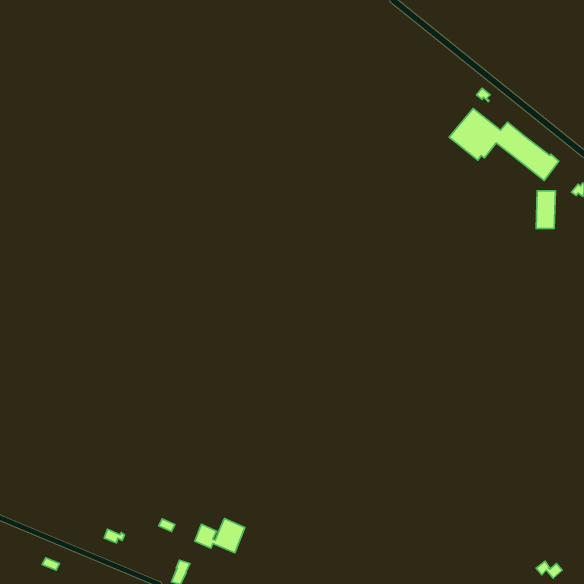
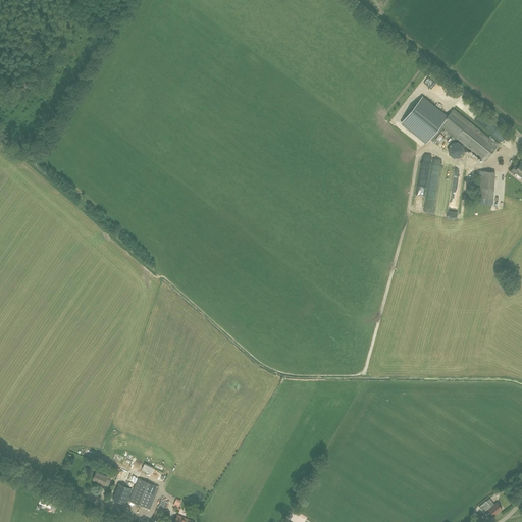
building: [195,518,245,553] -> [112,478,157,509]

